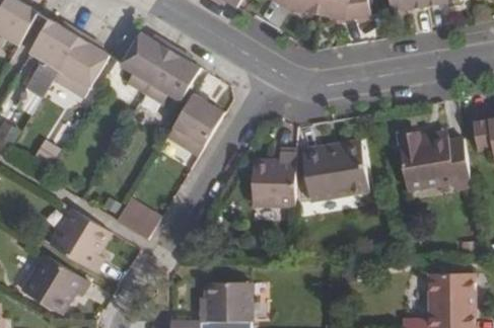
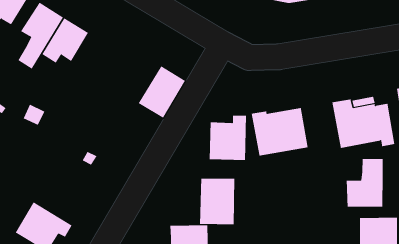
building: [120,32,200,104] -> none
building: [117,200,160,239] -> none
building: none -> [346,158,383,208]
building: [51,210,111,273] -> none
building: none -> [200,178,235,225]

